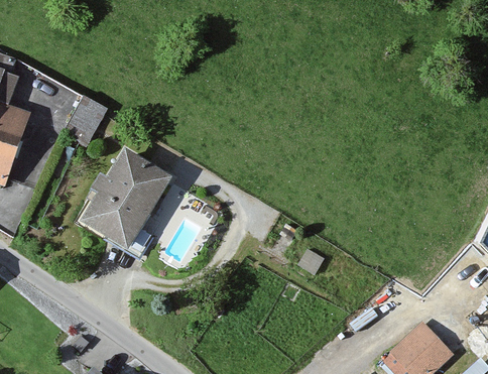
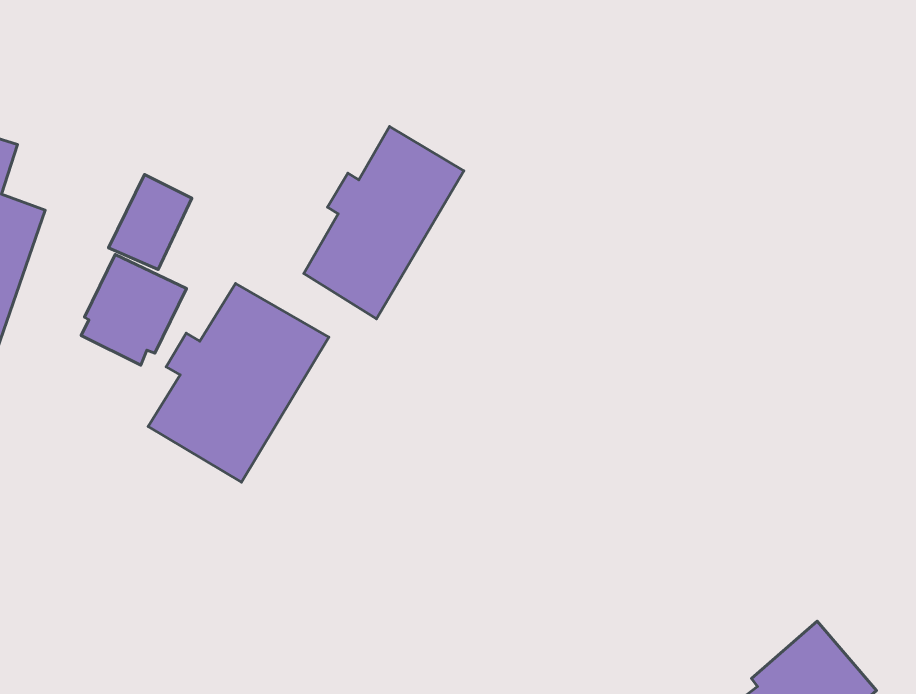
building: none -> [304,127,464,319]
building: none -> [81,255,187,365]

